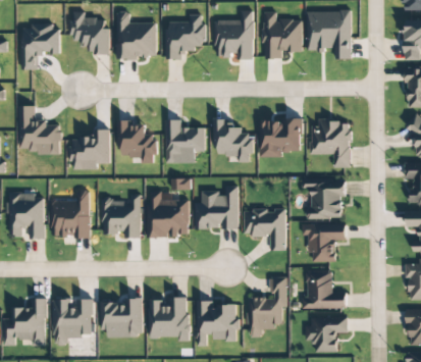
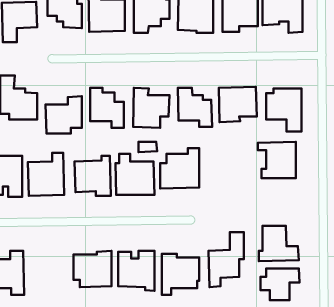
building: [245,209,286,251] -> none
building: [304,224,347,262] -> none
building: [54,299,93,344] -> none

